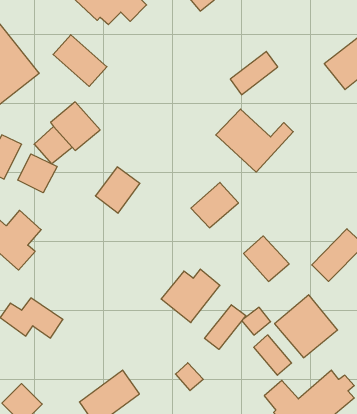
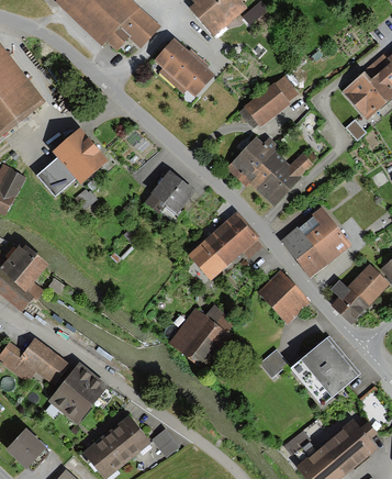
building: [53,35,107,86] -> [155,41,212,96]
building: [18,154,57,193] -> none
building: [95,167,140,213] -> [146,172,193,222]
building: none -> [283,212,349,276]
building: none -> [189,244,223,278]
building: [205,305,246,349] -> none
building: none -> [49,365,105,422]
building: [254,335,292,375] -> none
building: [175,363,203,391] -> [150,424,180,454]

